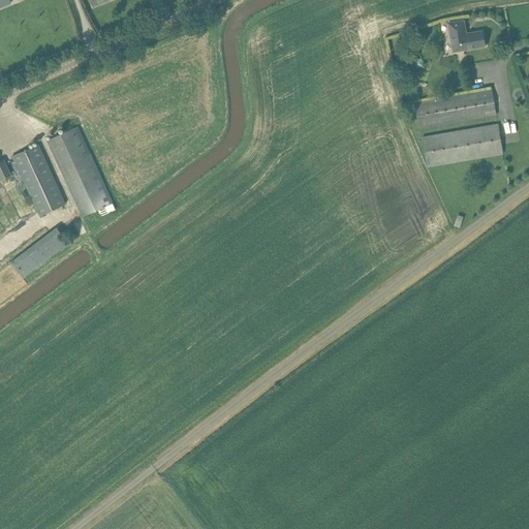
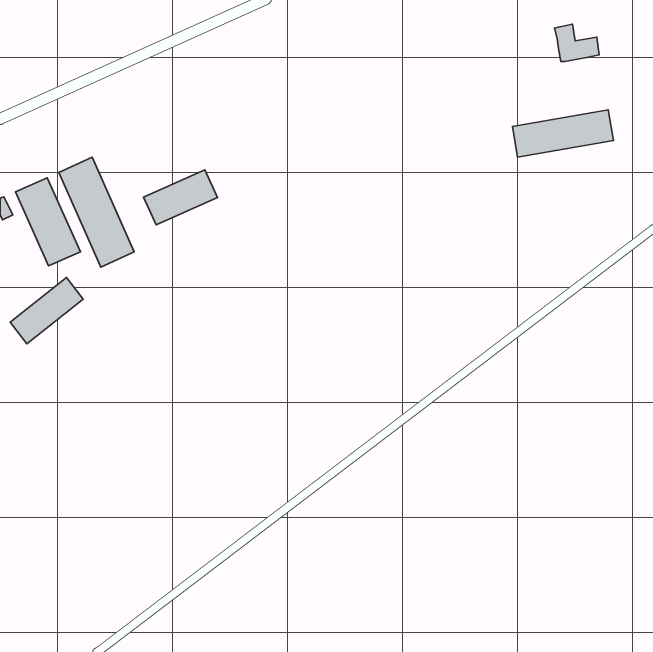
building: [423,124,503,165] -> none
building: none -> [144,170,217,225]

